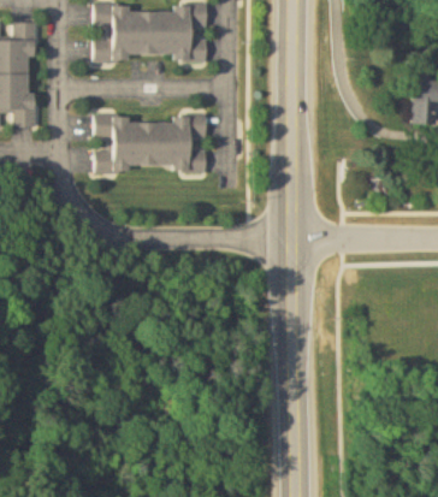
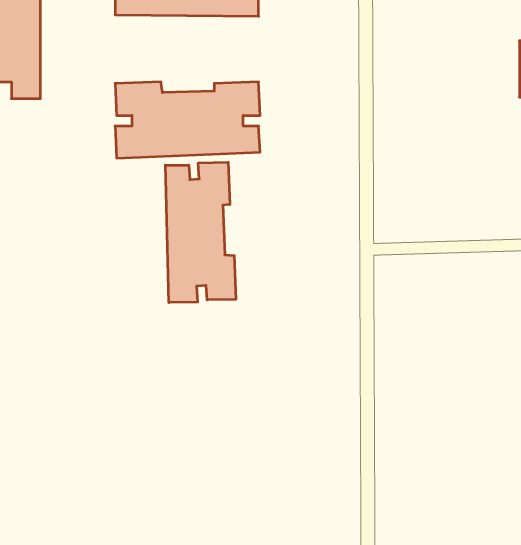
building: none -> [165,162,236,303]

